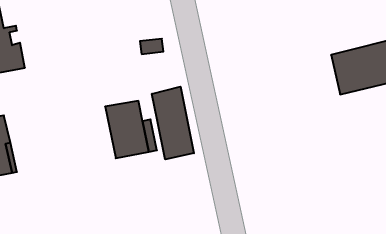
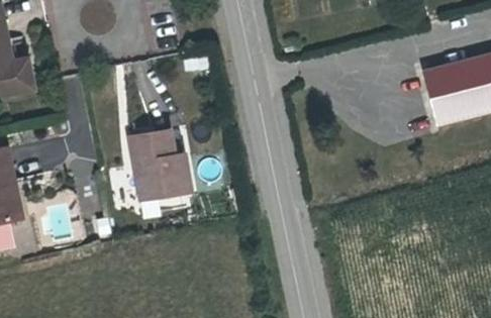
building: [152,87,194,159] -> none

